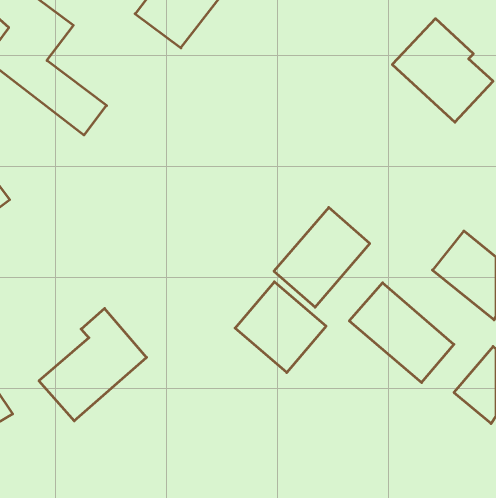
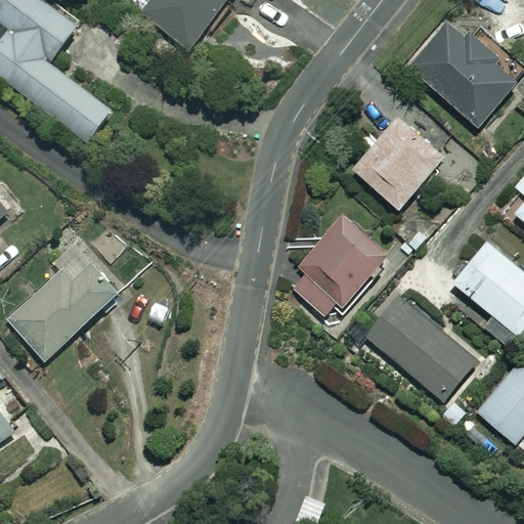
building: none -> [353,117,445,210]
building: [235,282,326,373] -> none
building: [39,308,147,421] -> [7,241,120,358]

